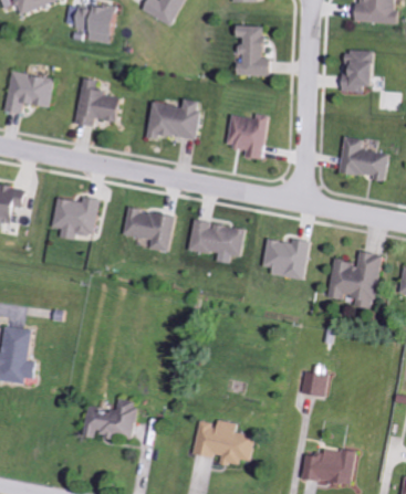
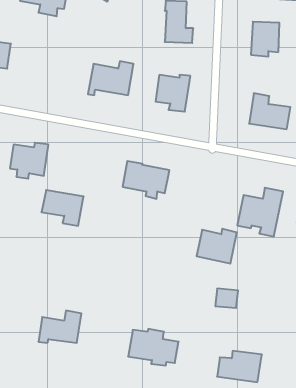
building: [73,76,119,125] -> none
building: [122,208,173,251] -> [41,190,84,226]
building: [260,237,309,278] -> [197,229,237,264]

